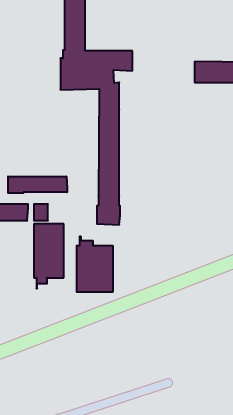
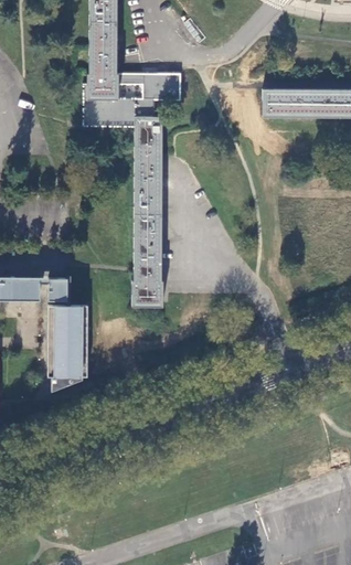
building: [8,176,67,193] -> none
building: [77,236,113,292] -> none

